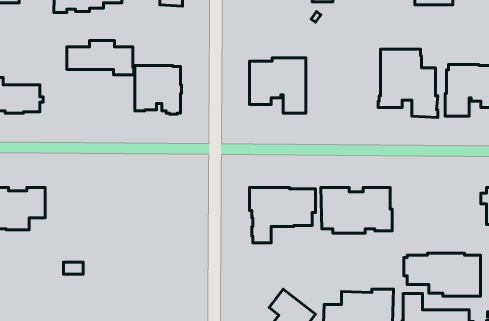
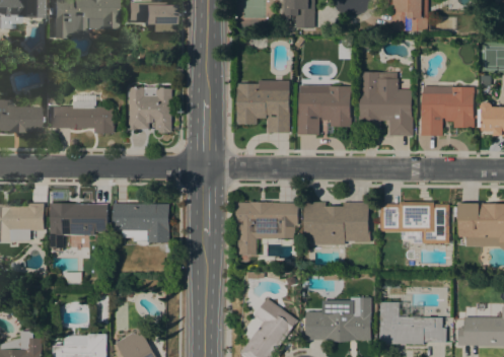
building: [67,40,134,75] -> [51,100,114,133]
building: none -> [297,84,351,134]
building: none -> [49,203,107,247]
building: none -> [113,203,169,242]
building: [404,253,481,296] -> [377,202,449,242]

